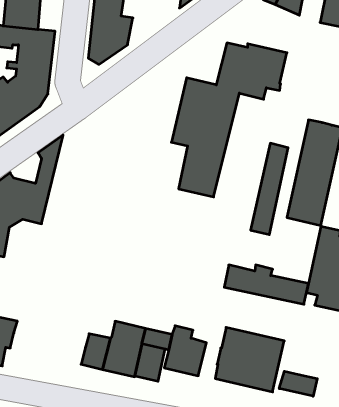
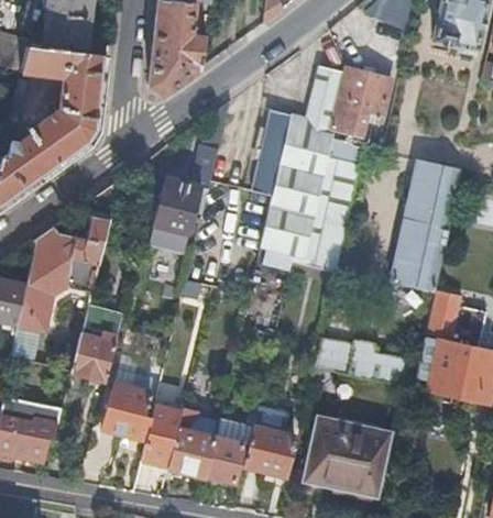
building: none -> [153,101,230,234]
building: [251,143,288,235] -> [314,161,360,273]
building: none -> [70,305,122,382]
building: none -> [102,374,157,441]
building: [279,371,317,396] -> none

